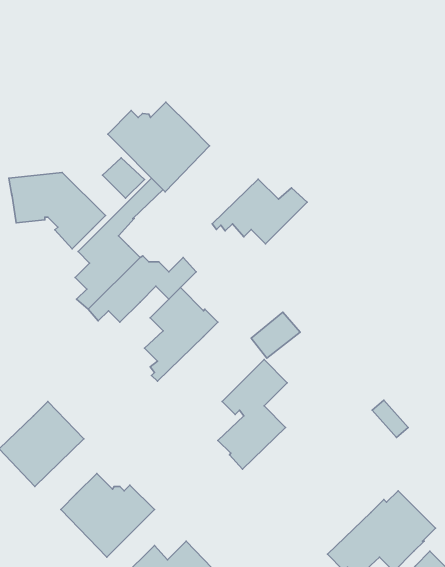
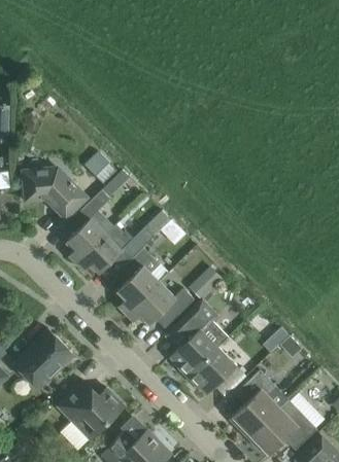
building: [108,102,210,192] -> none
building: [212,179,307,244] -> [126,283,194,329]
building: none -> [187,348,236,395]
building: none -> [229,370,287,438]

